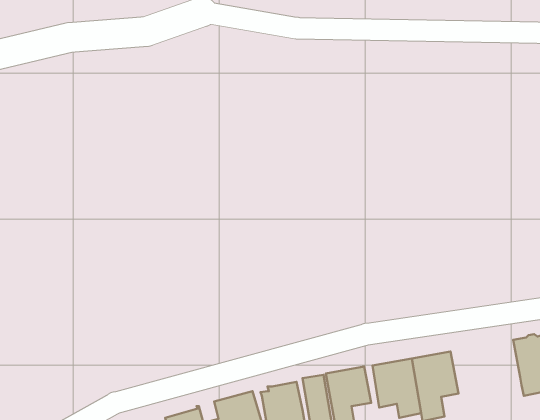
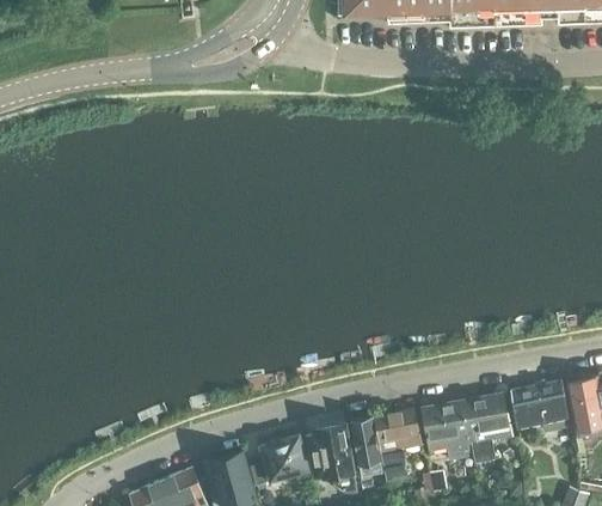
building: none -> [510,380,566,431]

